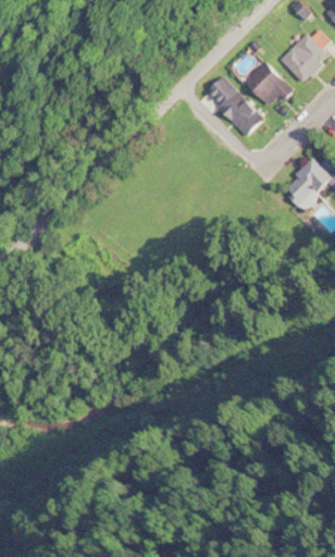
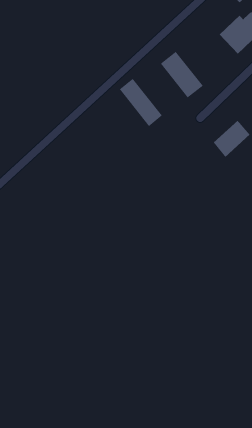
building: [249,64,295,106] -> none
building: none -> [119,78,163,127]

